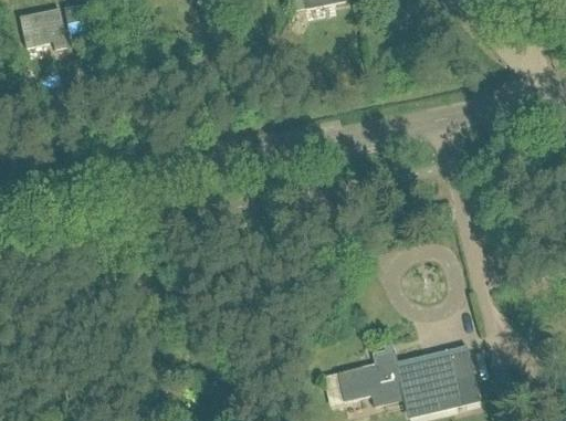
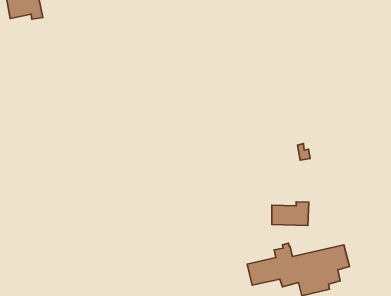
building: none -> [272,202,309,225]

